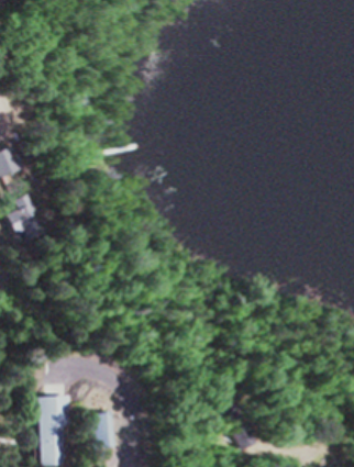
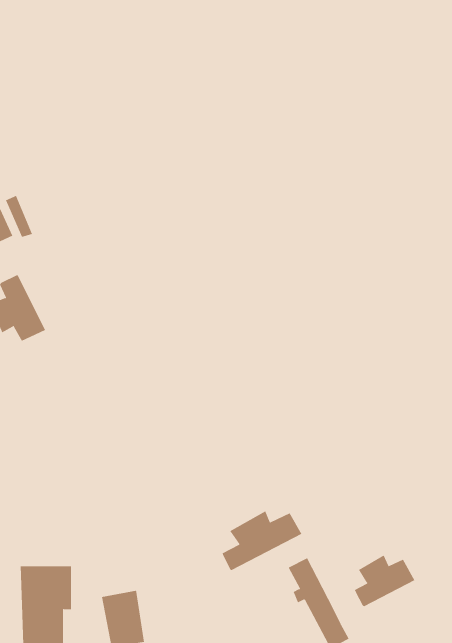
building: none -> [222,511,302,571]
building: none -> [355,554,415,607]

